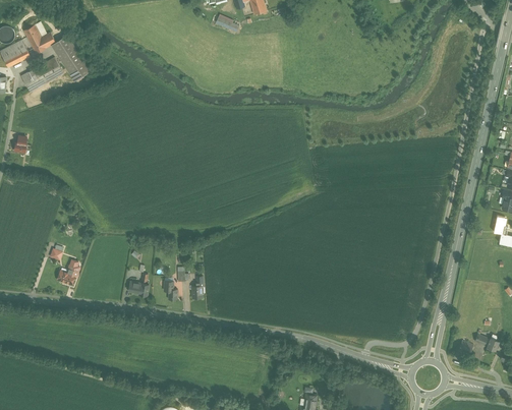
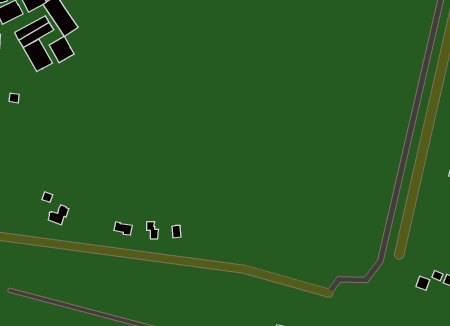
building: none -> [49,36,74,63]
building: none -> [23,39,52,72]

